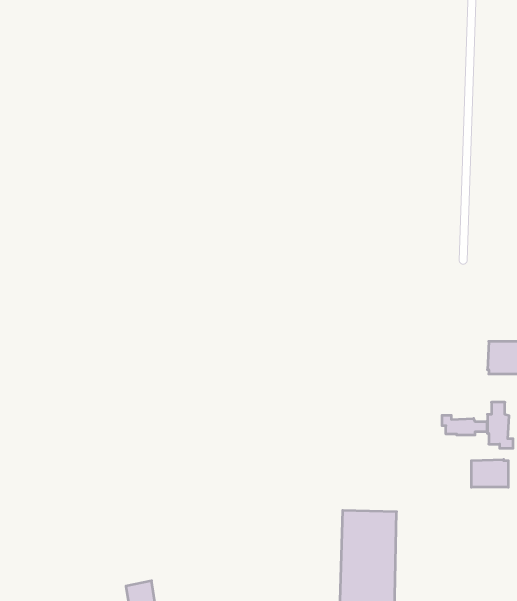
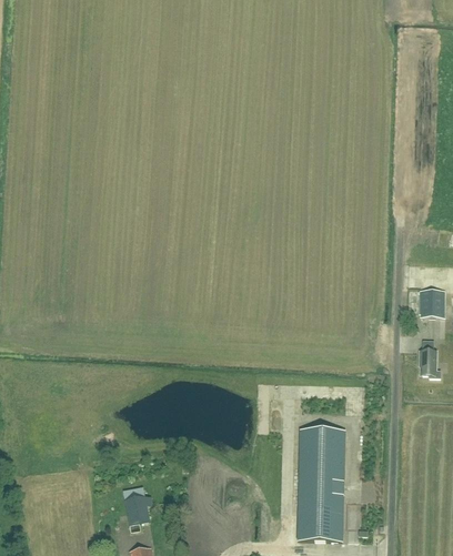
building: [442,415,487,435] -> none
building: [471,459,508,487] -> none

